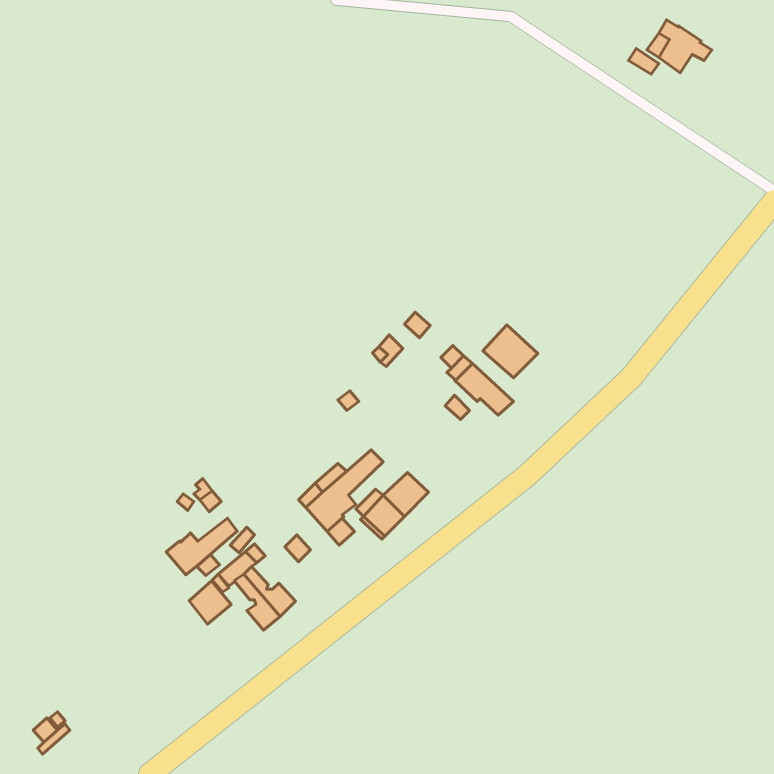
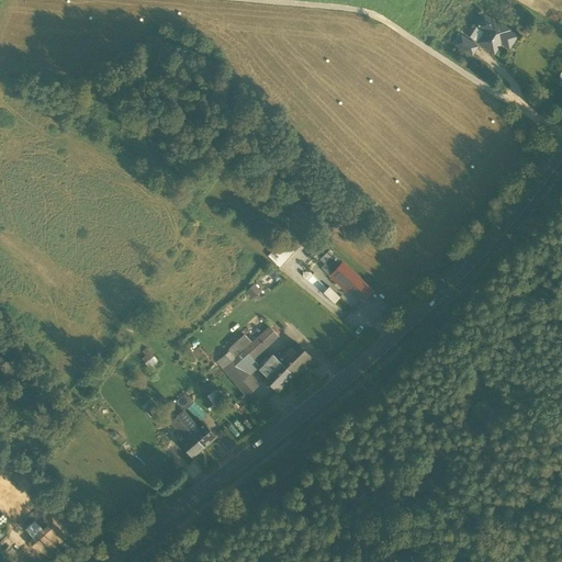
building: [483,325,538,378] -> none
building: [166,518,237,575] -> none
building: [189,581,231,624] -> none

